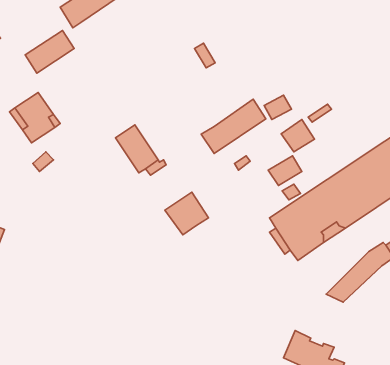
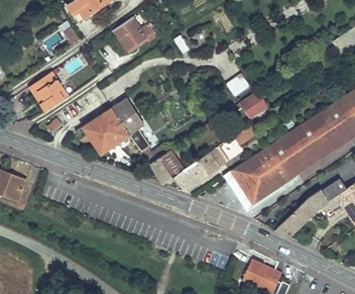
building: none -> [114,18,156,52]
building: [201,99,266,154] -> [174,150,225,192]
building: none -> [76,108,130,155]

